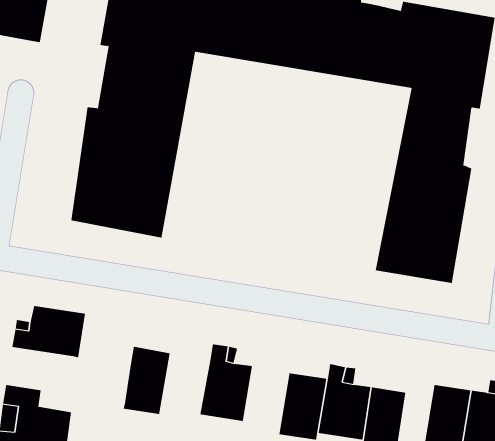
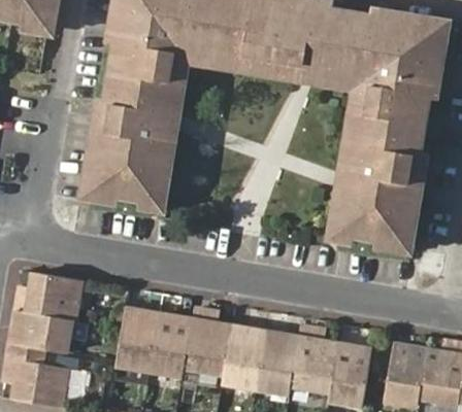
building: none -> [155,49,375,243]
building: none -> [15,311,75,353]
building: none -> [153,316,197,376]
building: none -> [226,328,267,388]

